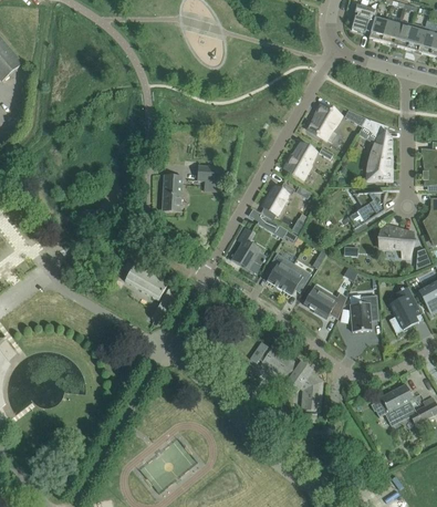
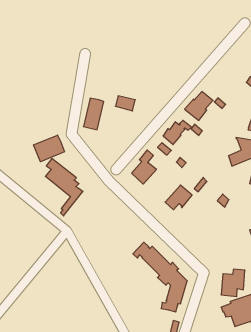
building: [309,103,341,141] -> none
building: none -> [34,135,64,162]
building: [266,251,294,287] -> none
building: [304,287,346,318] -> none
building: [350,294,378,330] -> [221,269,245,297]

